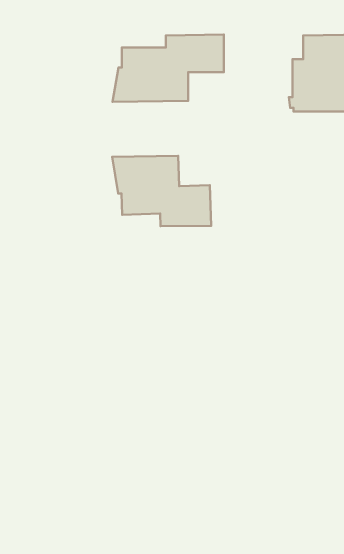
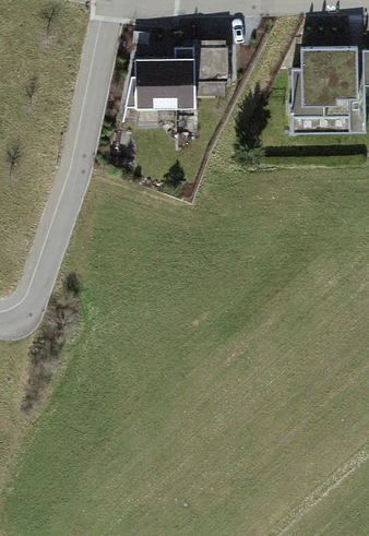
building: [112,156,211,226] -> none

